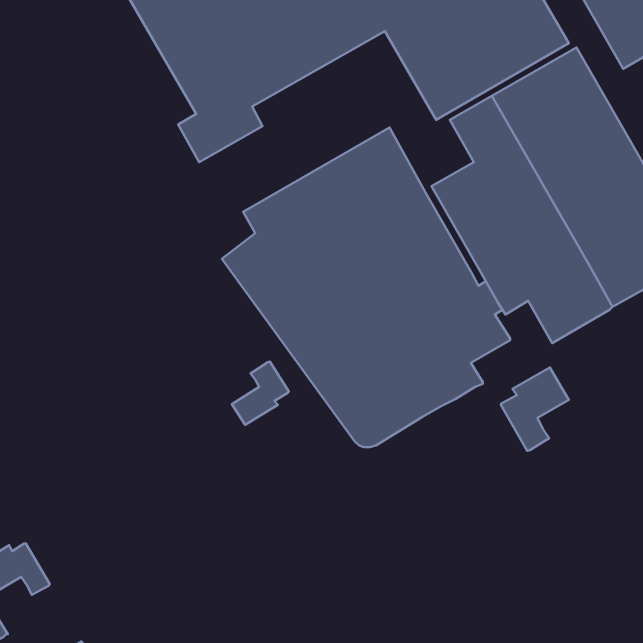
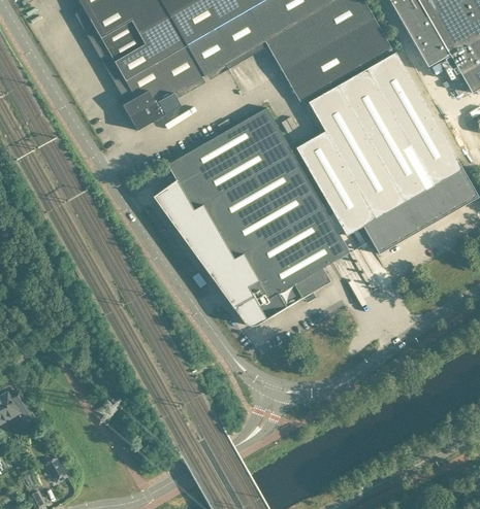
building: [232,361,289,425] -> none
building: [501,368,569,451] -> none

